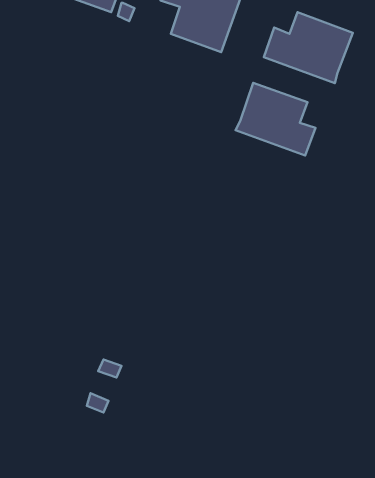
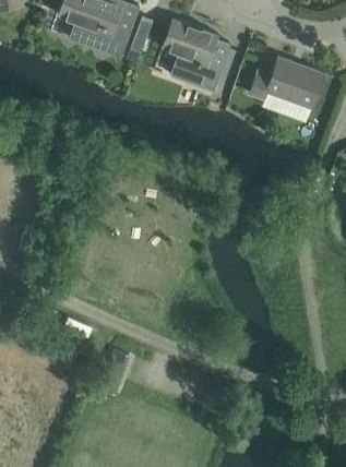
building: [236,83,316,155] -> none

